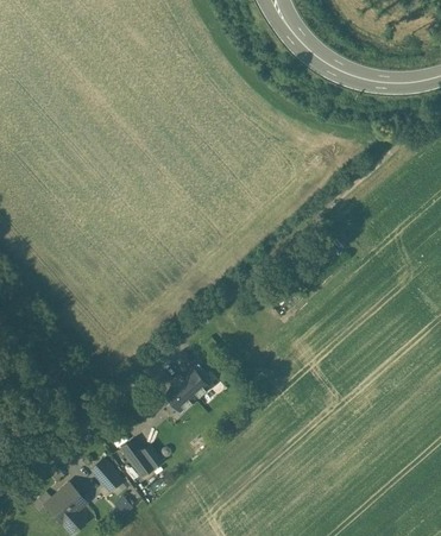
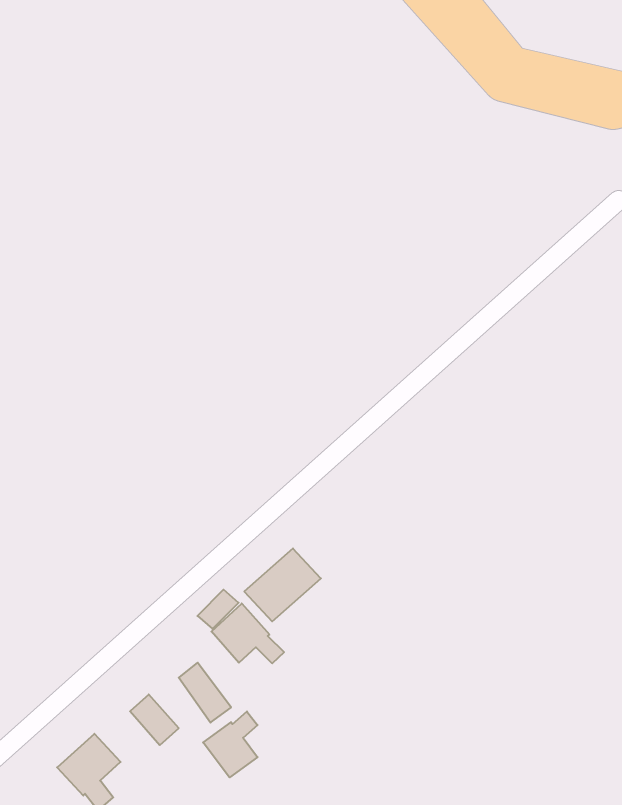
building: none -> [211,603,284,663]
building: none -> [203,711,258,777]

